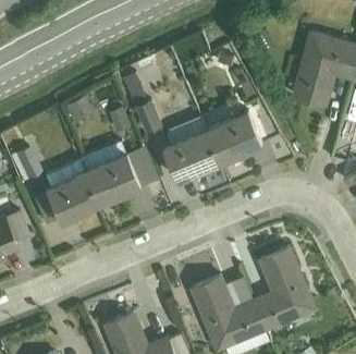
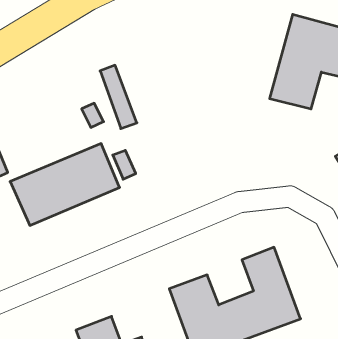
building: [162,107,266,184] -> none

